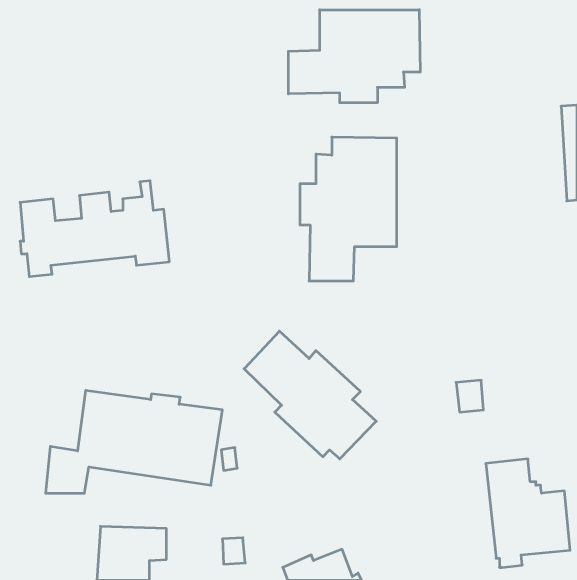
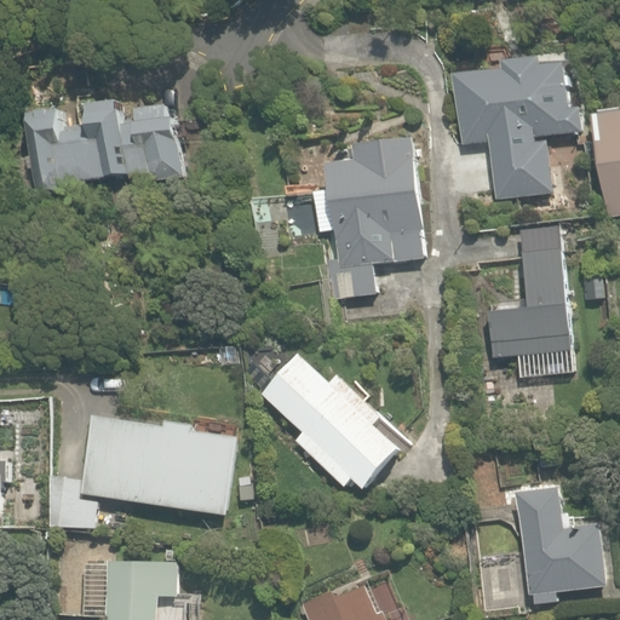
building: [288,10,420,103] -> none
building: none -> [455,54,584,197]
building: [20,181,169,277] -> [27,91,185,193]
building: none -> [484,240,570,378]

